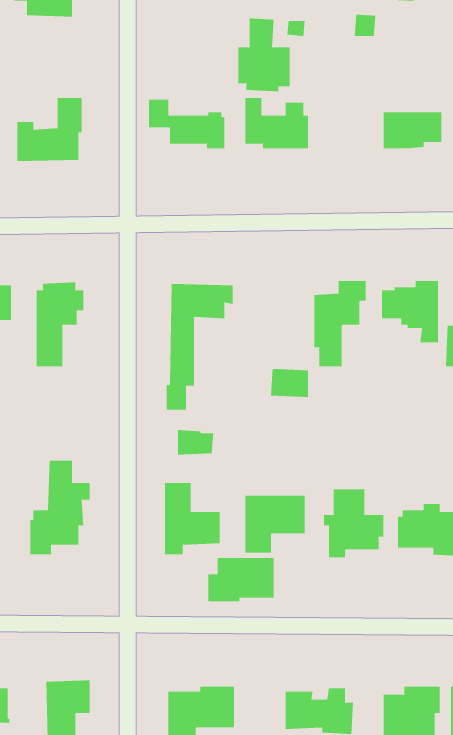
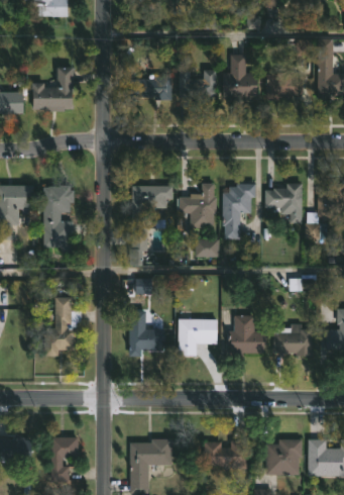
building: [238,18,291,92] -> [224,55,257,101]
building: none -> [179,182,217,226]
building: [208,557,274,602] -> none

